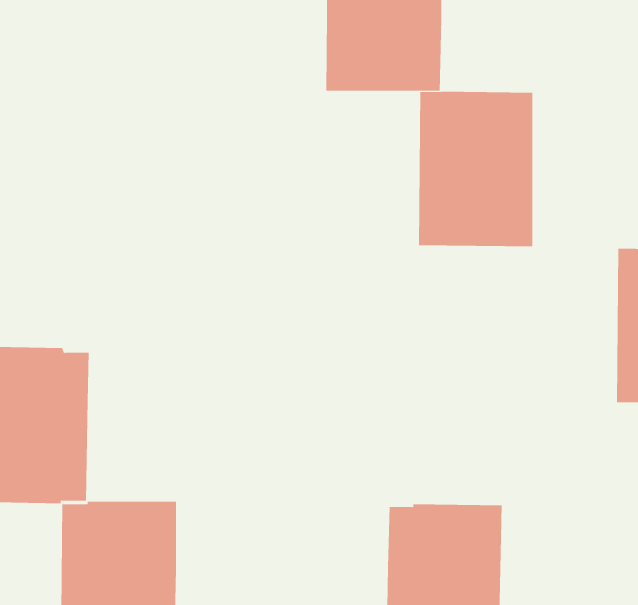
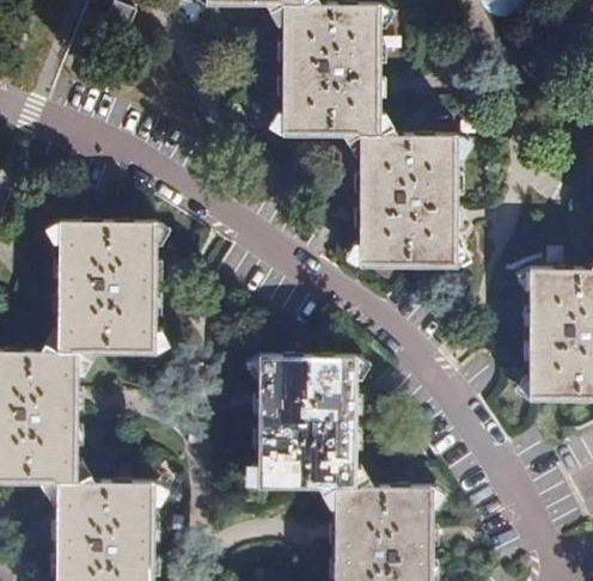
building: none -> [57,222,157,356]
building: none -> [257,355,355,488]

